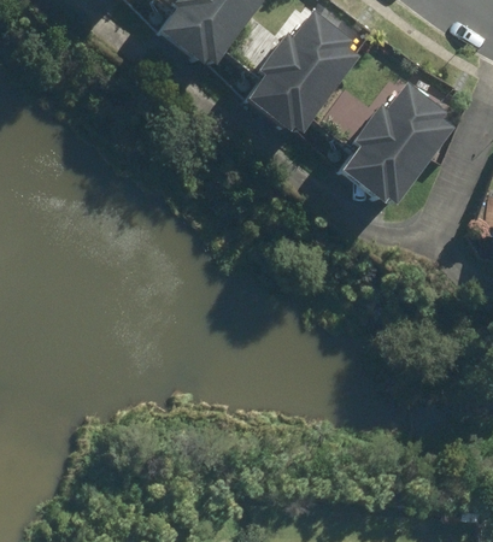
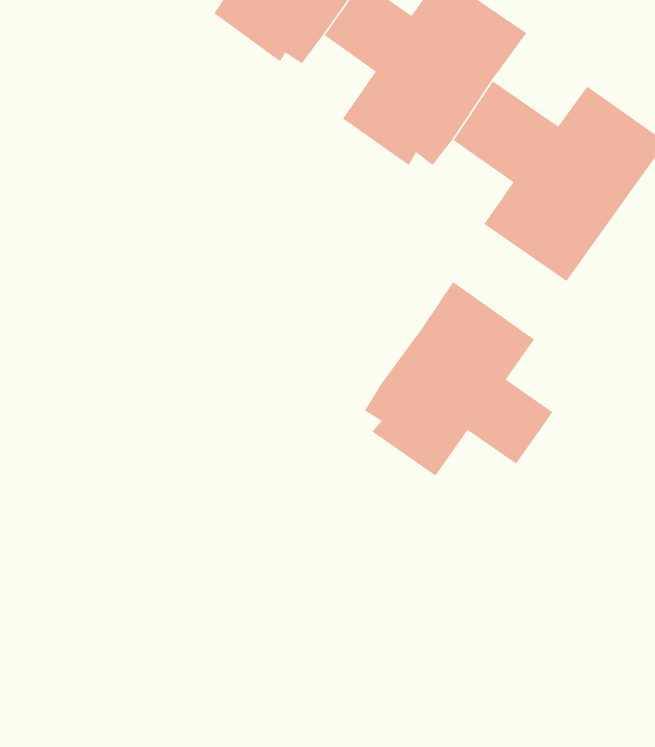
building: none -> [364,281,553,476]

